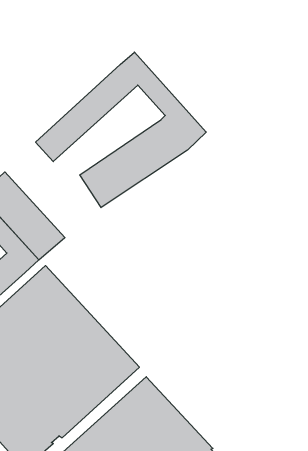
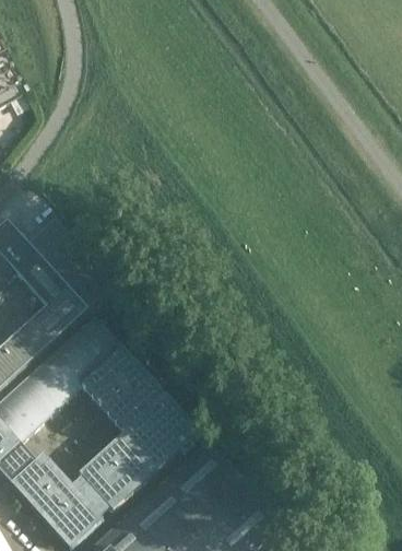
building: [36,52,206,208] -> none

